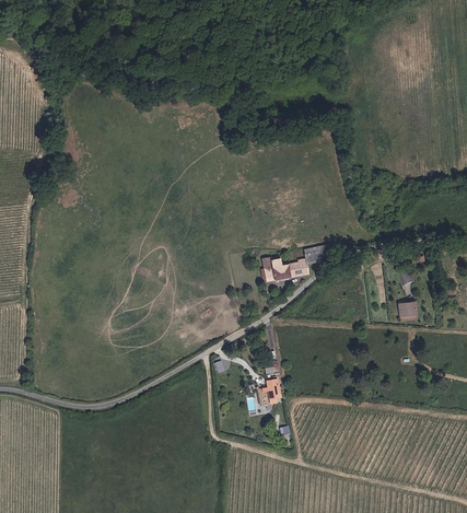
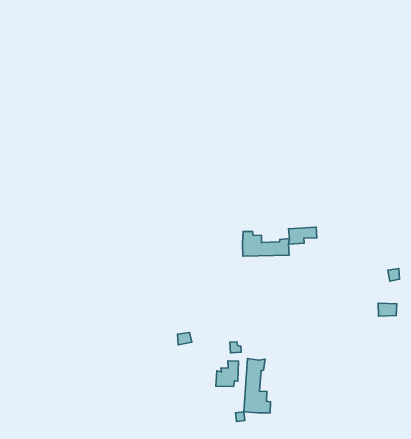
building: none -> [244,359,270,413]

